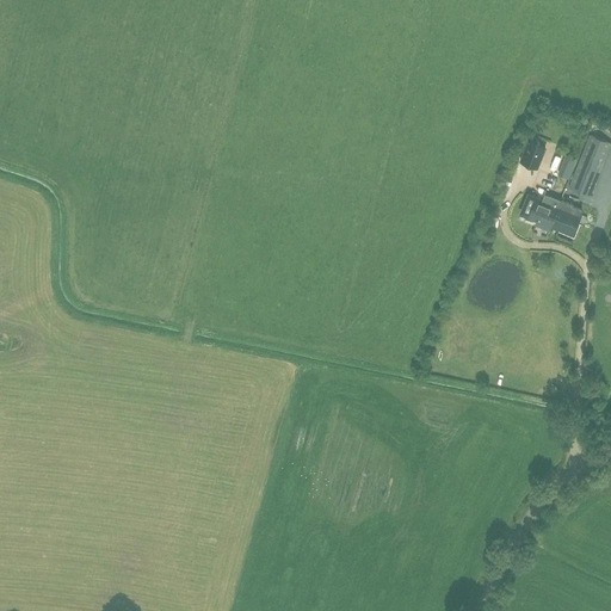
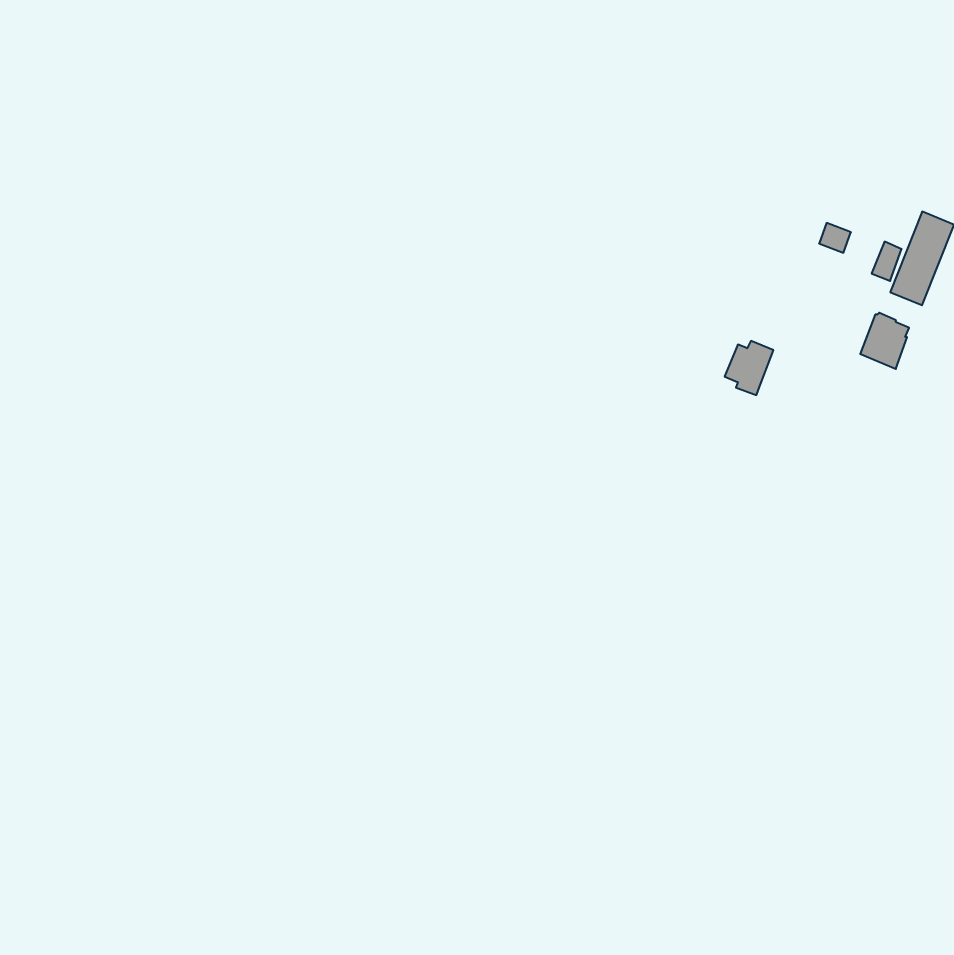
building: [526,196,557,230] -> [725,341,773,395]

